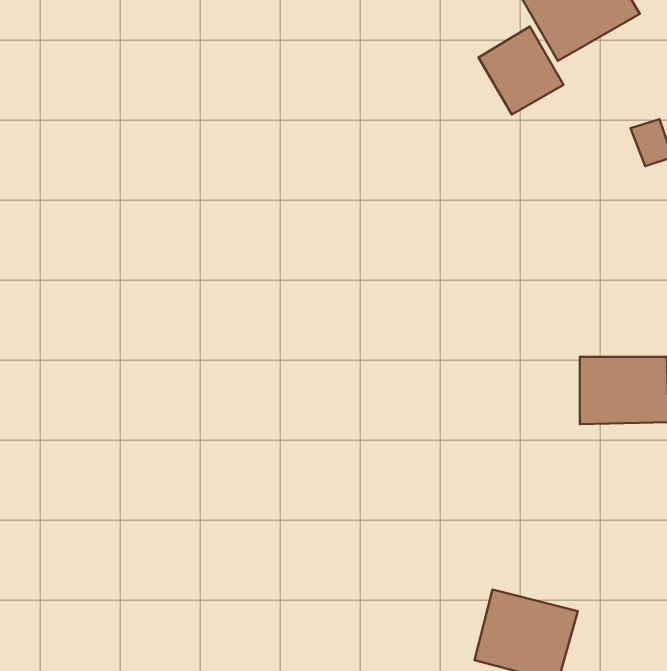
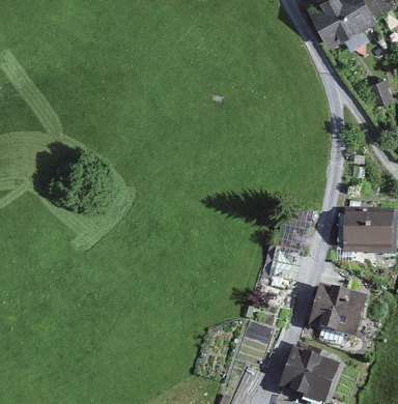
building: [478,26,563,115] -> none
building: none -> [312,288,366,337]

